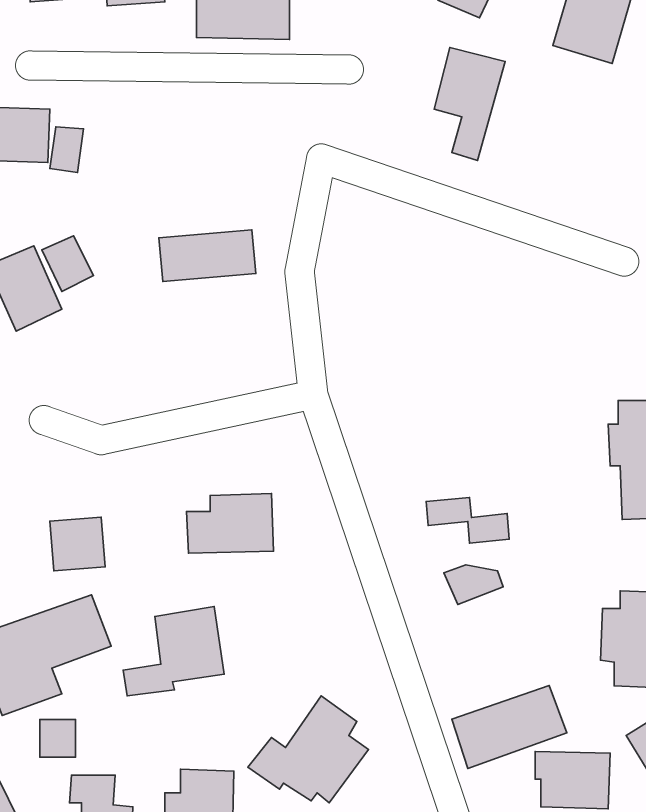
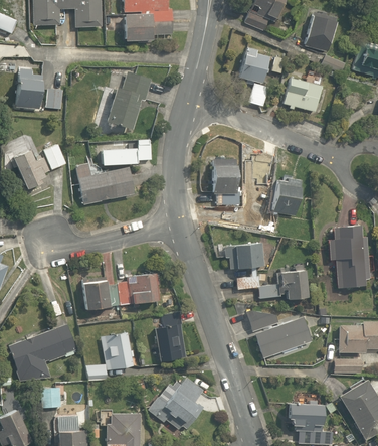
building: none -> [281,75,324,115]
building: none -> [102,76,148,138]
building: none -> [211,155,241,204]
building: none -> [75,163,139,207]
building: none -> [270,178,305,219]
building: none -> [224,243,264,266]
building: none -> [282,270,310,295]
building: [50,517,105,571] -> [83,278,112,305]
building: none -> [153,313,185,360]
building: [452,685,567,769] -> [254,317,313,359]

